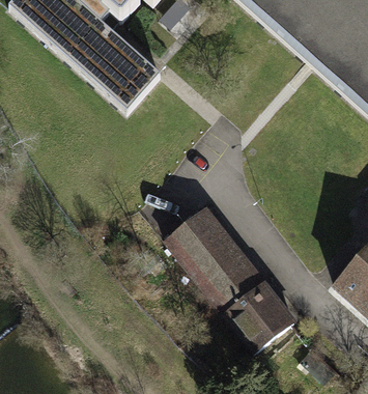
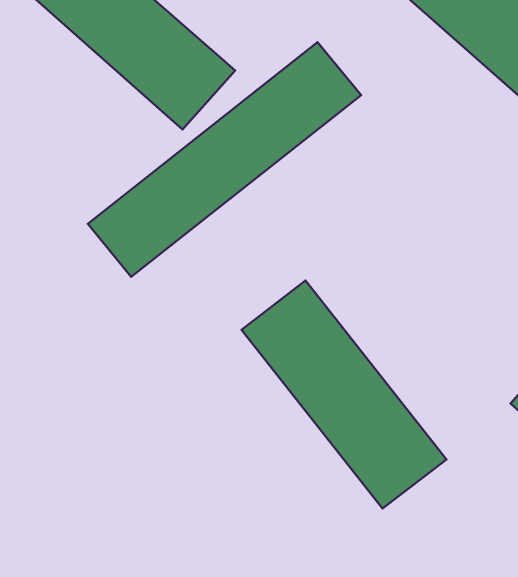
building: none -> [88,42,361,277]

